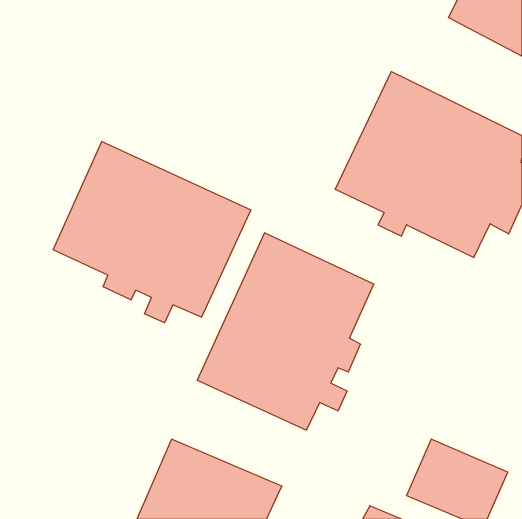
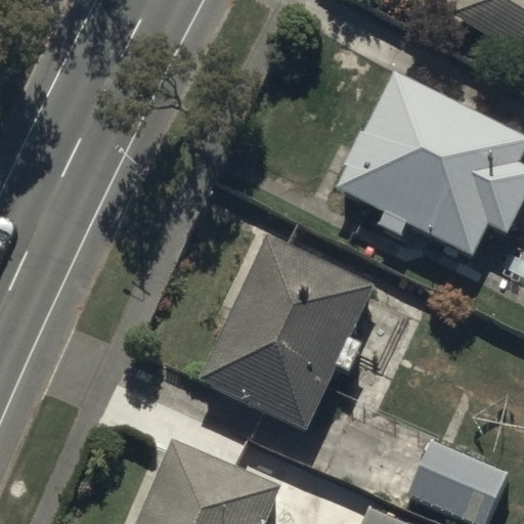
building: [53,141,251,323] -> none

